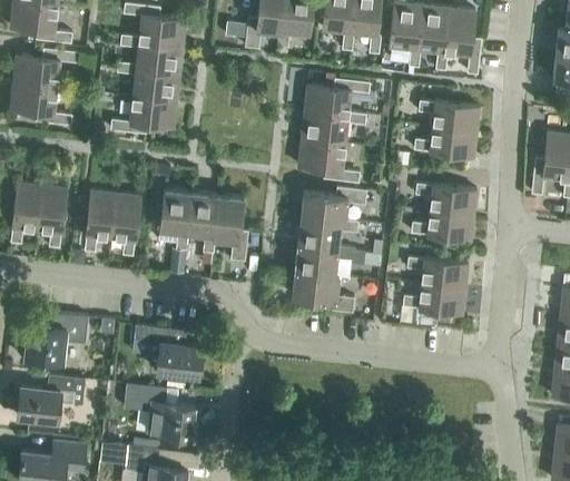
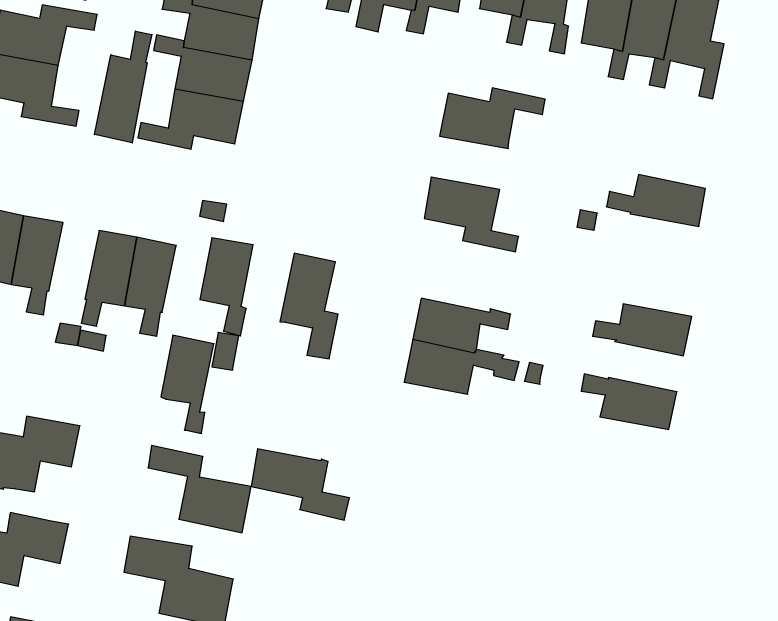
building: none -> [94,31,152,143]
building: [419,101,480,132] -> none
building: [301,112,366,144] -> none
building: [416,184,476,215] -> none
building: [301,187,366,223] -> none
building: [186,192,217,253] -> [161,335,214,433]
building: [292,272,355,313] -> [251,449,350,520]
building: [403,284,465,314] -> none

